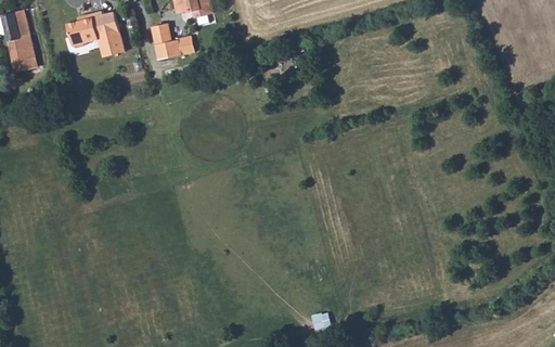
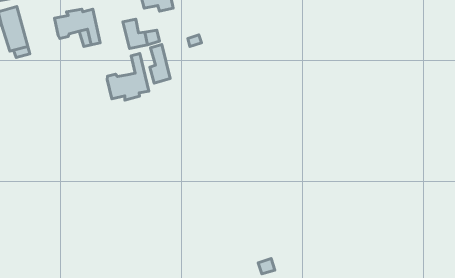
building: none -> [150,45,170,83]
building: none -> [107,54,149,100]

